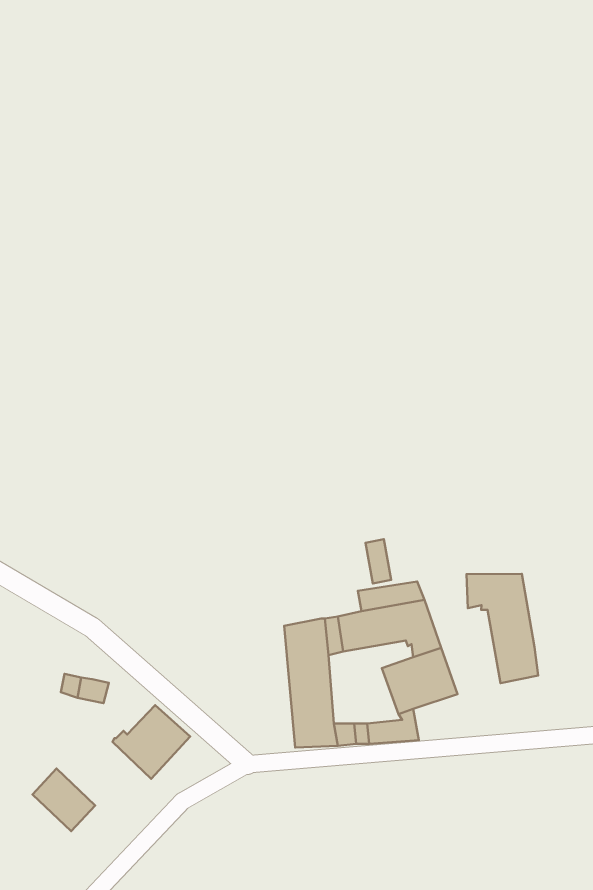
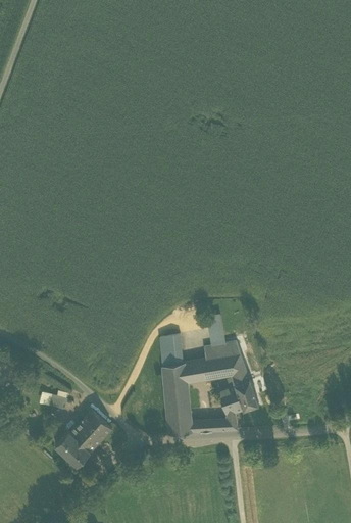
building: none -> [160,335,184,367]
building: [466,574,538,683] -> none
building: [33,769,95,831] -> [55,431,90,466]

